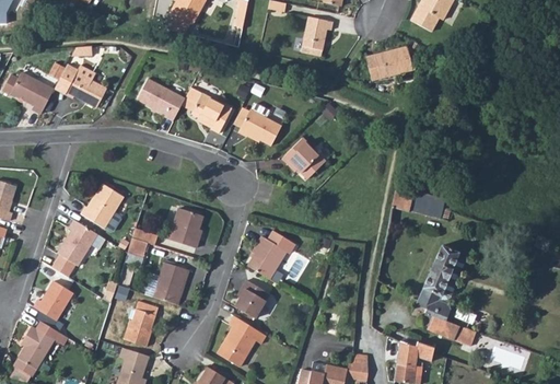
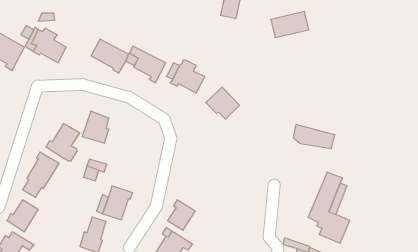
building: [172,209,206,249] -> [82,111,109,143]
building: [248,233,298,281] -> none

